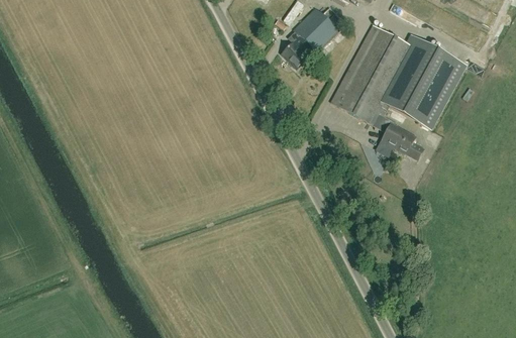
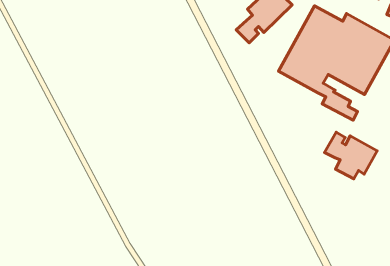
building: none -> [325,132,377,179]

